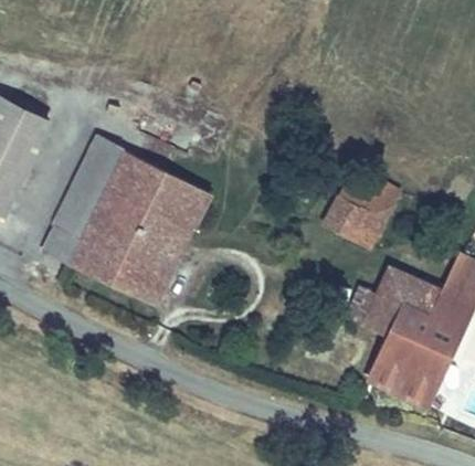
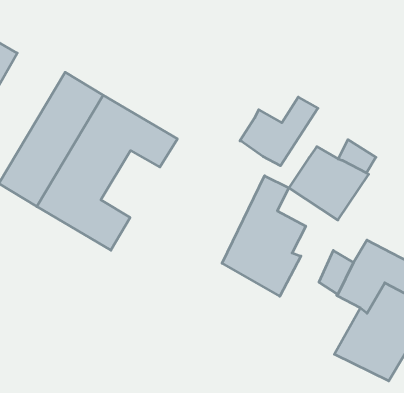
building: none -> [240,97,318,166]
building: [140,205,193,268] -> none
building: none -> [222,176,306,296]

